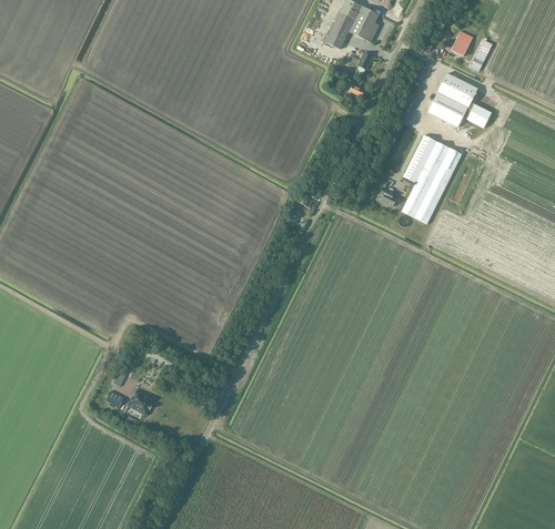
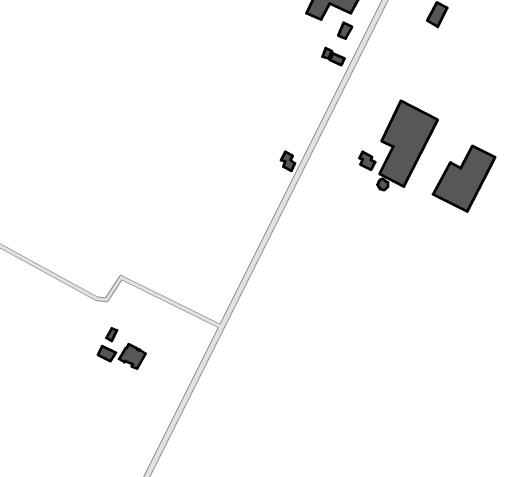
building: [427,73,491,128] -> none
building: none -> [433,146,495,212]

